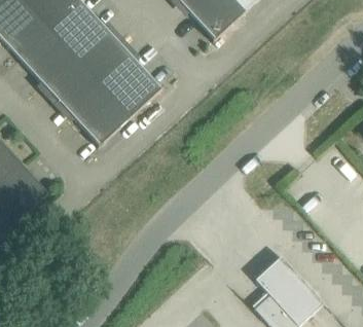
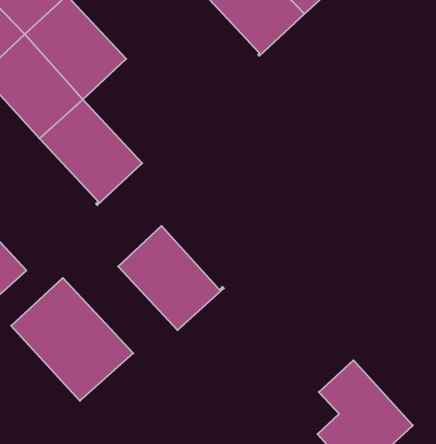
building: [88,42,164,116] -> [118,226,224,330]
building: none -> [11,278,133,401]

